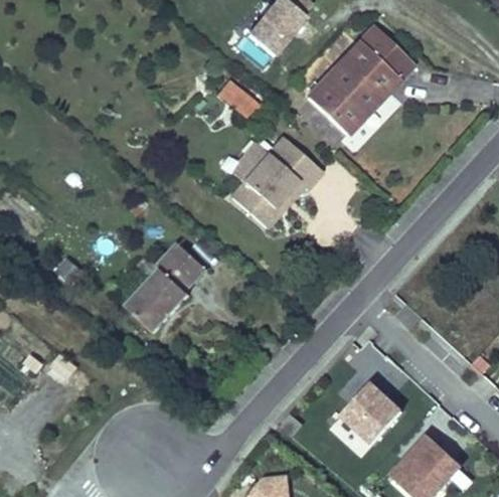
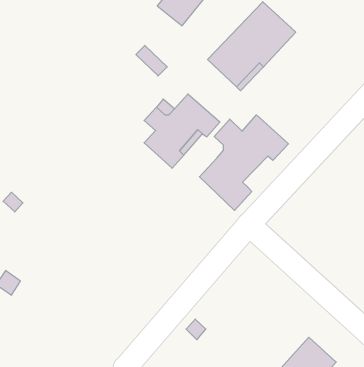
building: none -> [199,115,288,210]
building: [125,241,207,332] -> none
building: [341,384,404,448] -> none

